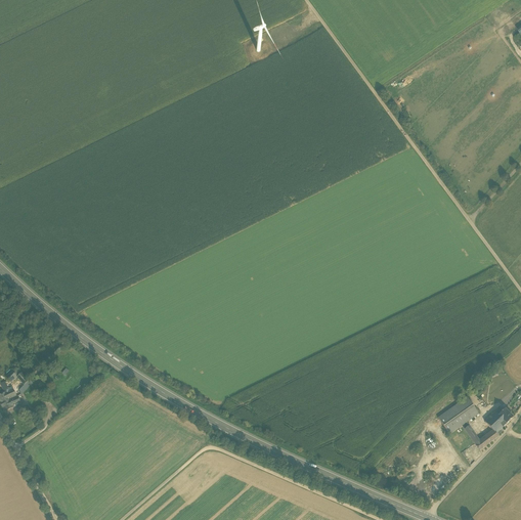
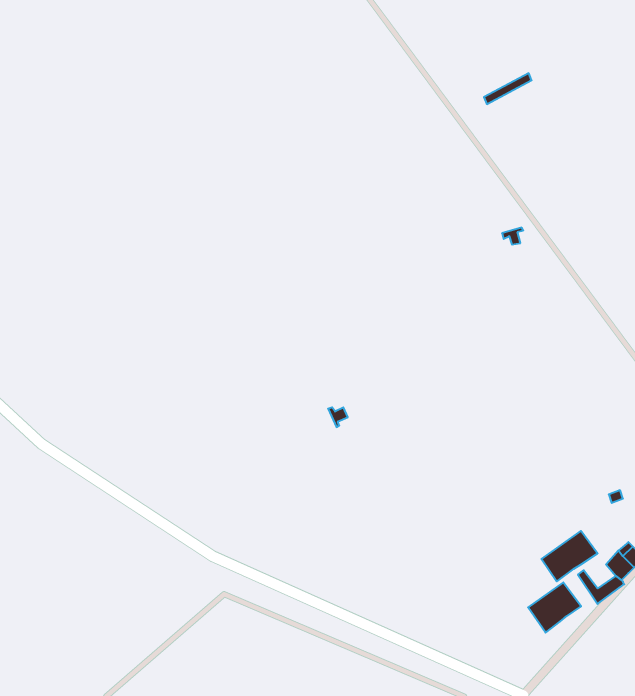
building: none -> [528,582,581,633]

